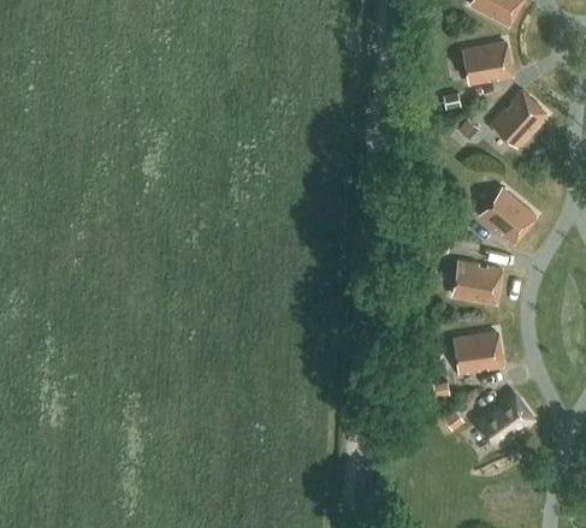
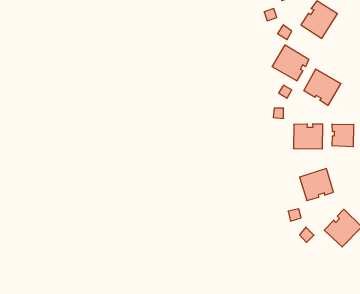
building: none -> [272,45,309,81]
building: none -> [332,124,354,147]

